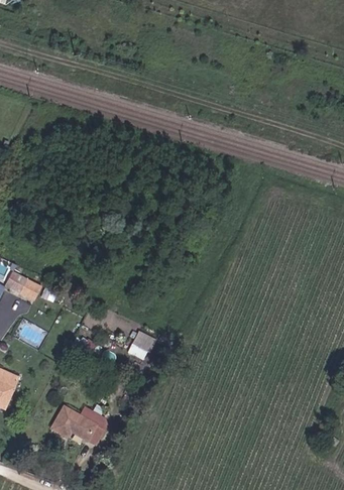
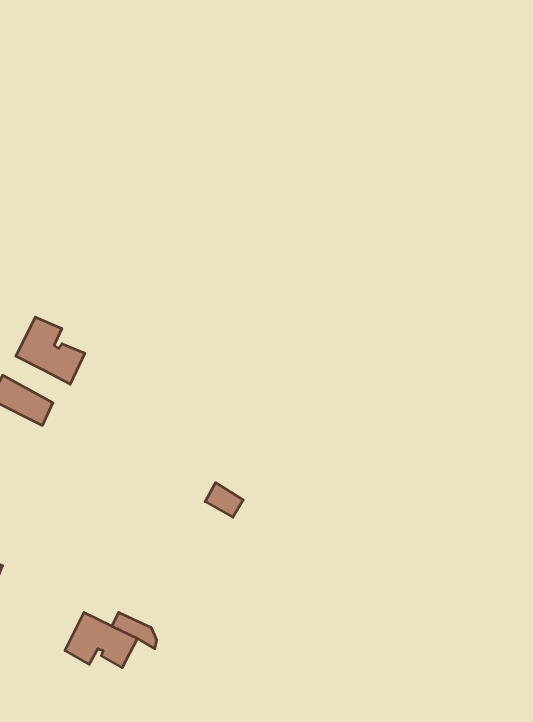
building: none -> [16,317,85,384]

